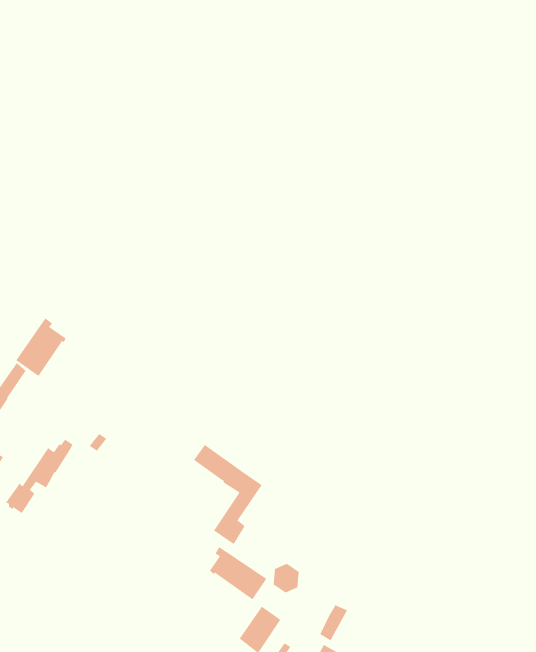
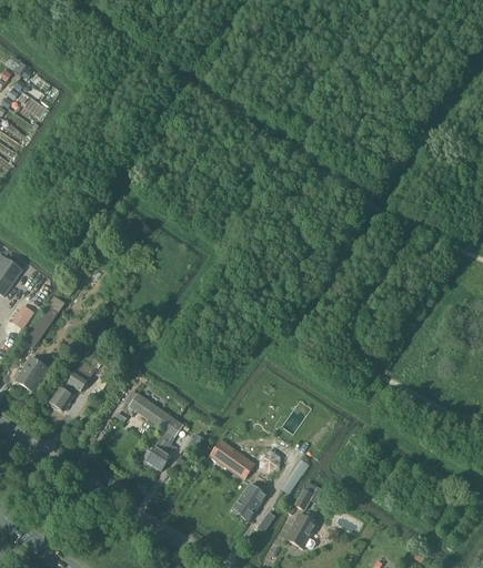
building: [15,317,66,377] -> none
building: [193,444,263,545] -> [129,392,183,470]

